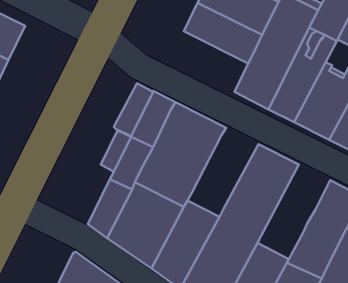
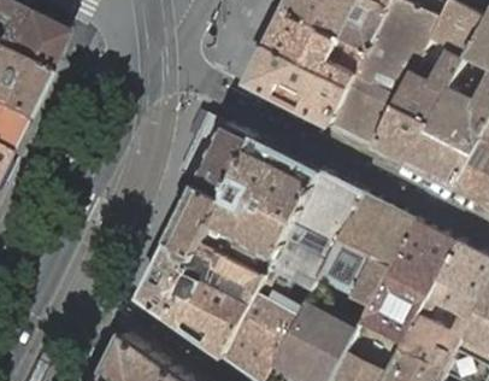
building: none -> [251,47,353,127]
building: none -> [273,174,366,291]
building: none -> [365,222,460,346]

